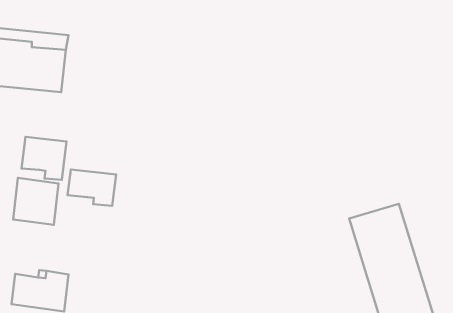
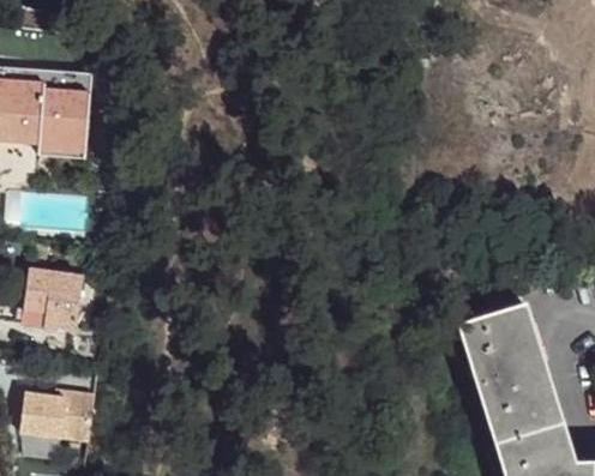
building: [22,137,66,180] -> none
building: [68,170,116,206] -> none

